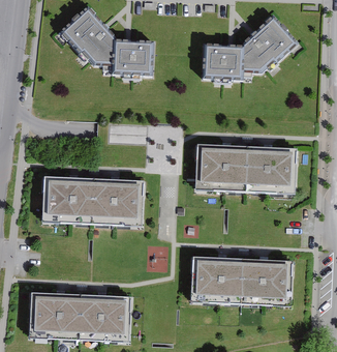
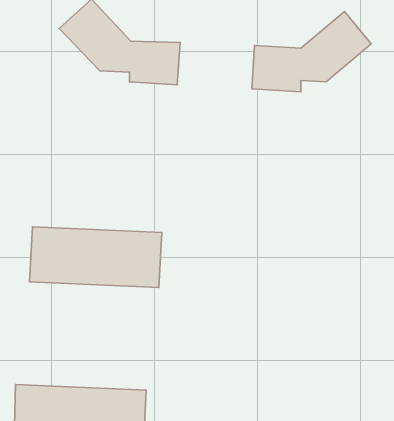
building: [196,146,294,190] -> none
building: [191,259,288,303] -> none

